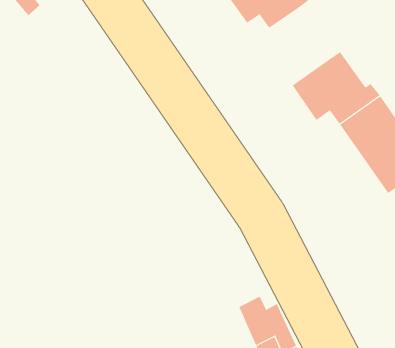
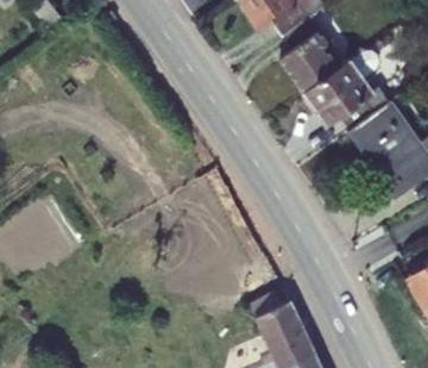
building: none -> [279,13,341,89]

